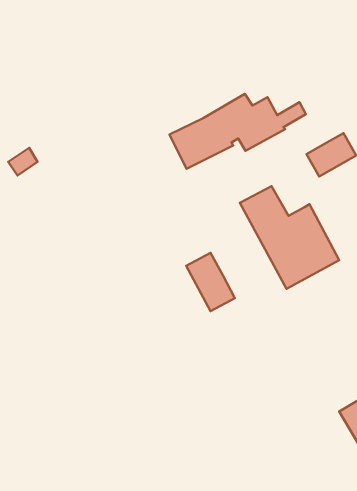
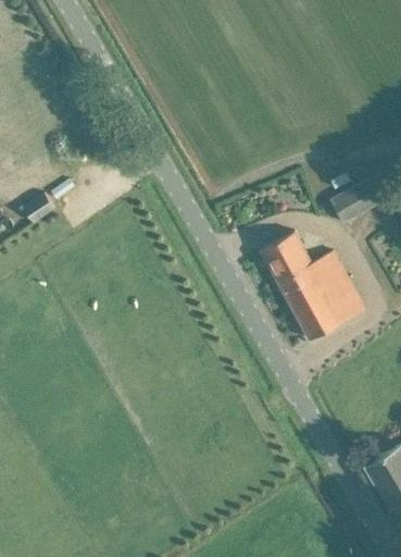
building: [169,94,306,169] -> none
building: [186,253,235,311] -> none

